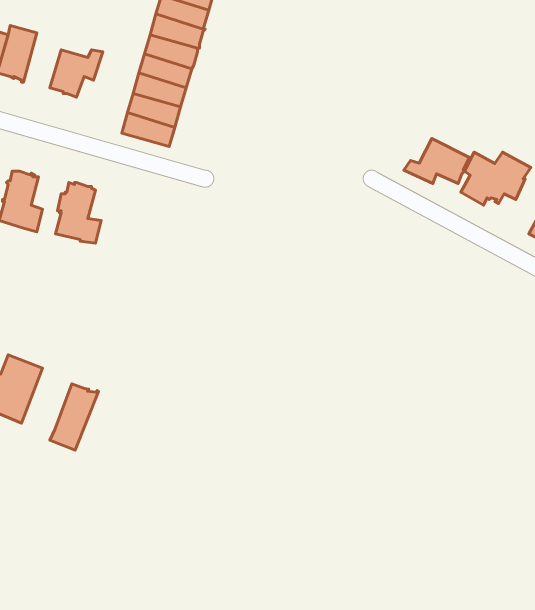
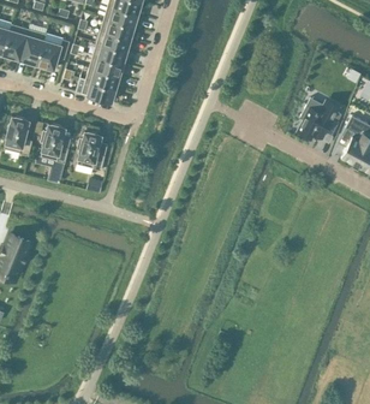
building: none -> [19,30,46,65]
building: [404,139,470,184] -> none
building: none -> [77,132,105,172]
building: [50,384,99,450] -> none

